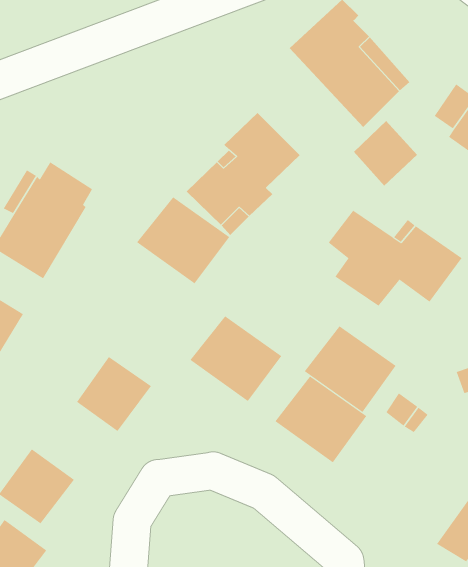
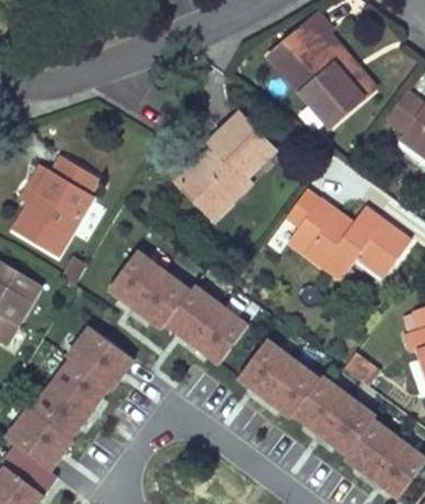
building: [353,120,418,187] -> none
building: [136,197,230,284] -> [118,250,198,324]
building: [304,326,397,413] -> [300,373,379,447]
building: none -> [51,363,116,427]
building: none -> [352,420,406,474]

